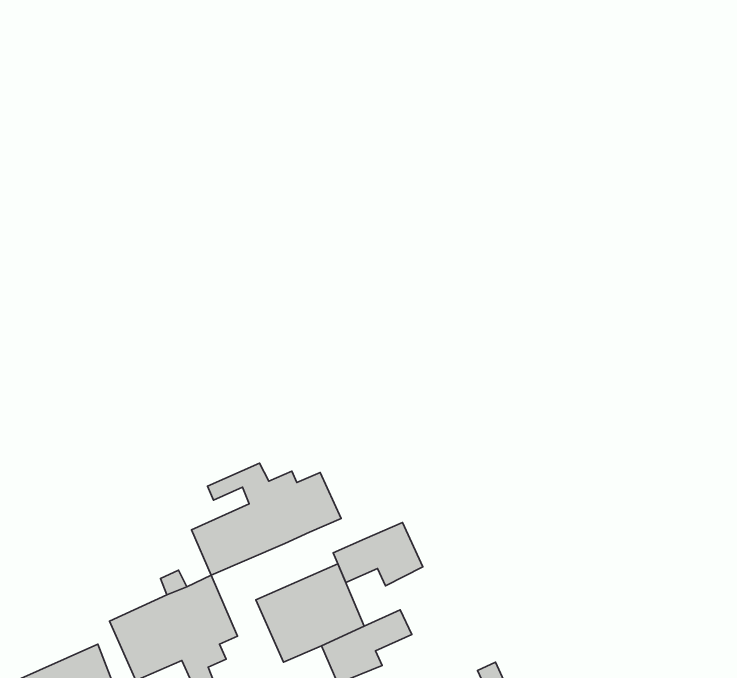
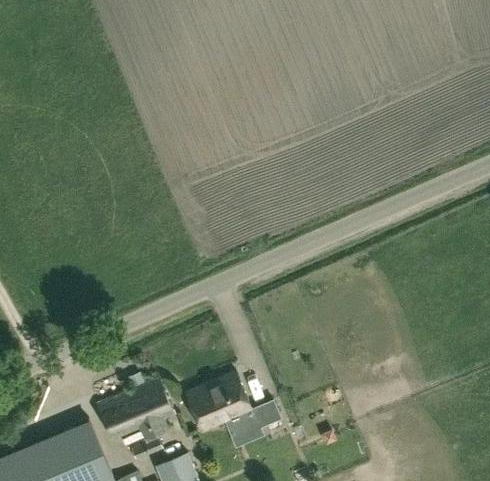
building: [191,463,341,575] -> none
building: [333,523,423,586] -> none

